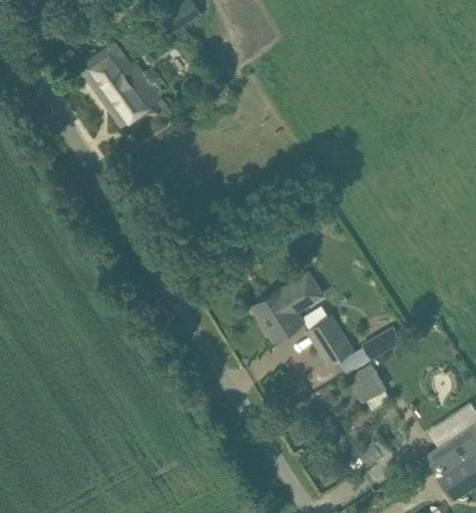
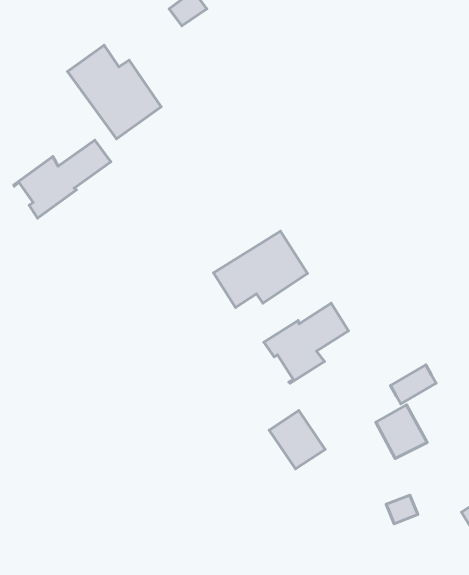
building: none -> [14,140,111,218]
building: none -> [214,231,307,308]
building: [304,315,353,366] -> [269,411,325,469]

